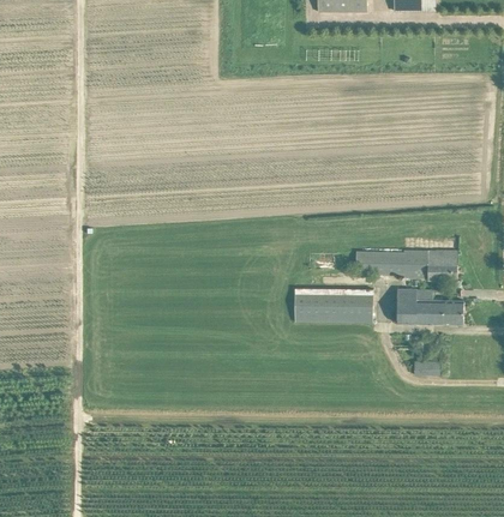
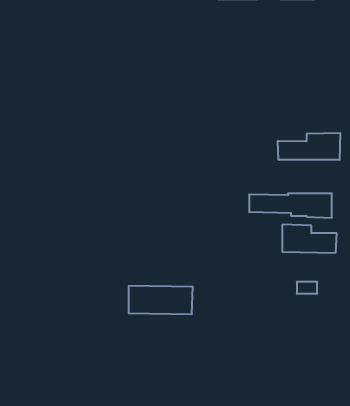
building: none -> [278,133,340,160]
building: [294,288,373,323] -> [129,286,193,314]

